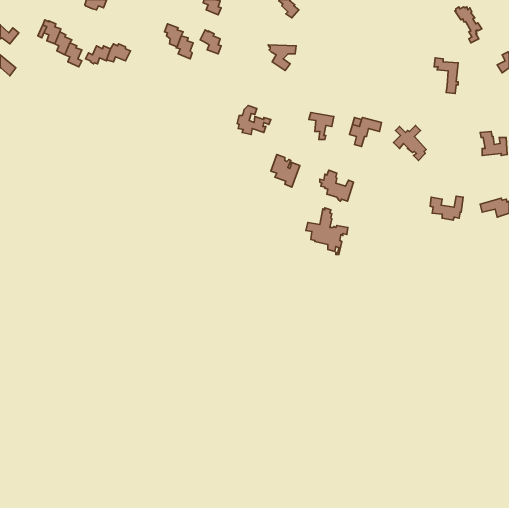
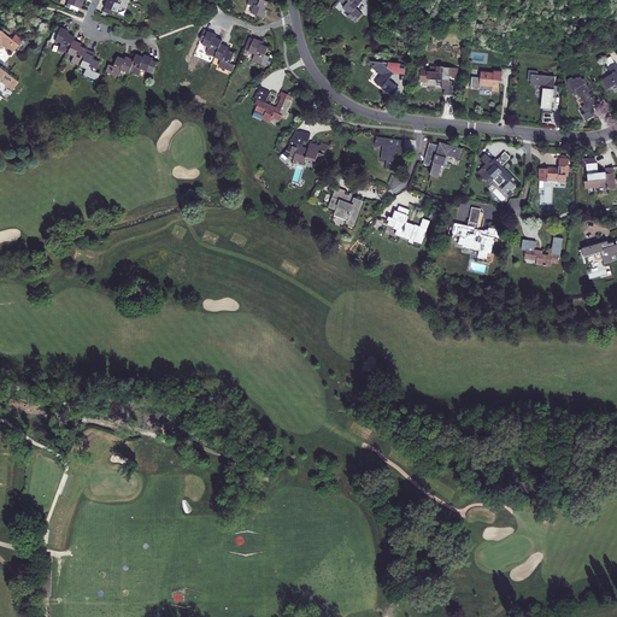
building: [455,7,482,43] -> [565,76,598,119]
building: [268,45,296,71] -> [370,61,404,93]
building: none -> [421,66,457,92]
building: none -> [470,69,501,92]
building: none -> [253,89,290,122]
building: none -> [537,155,569,181]
building: [306,208,348,255] -> [451,206,501,263]

